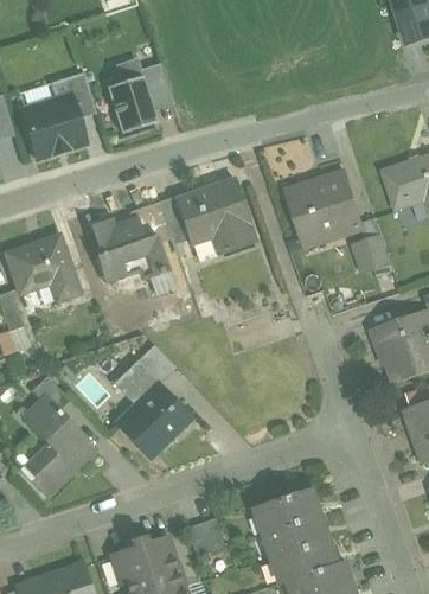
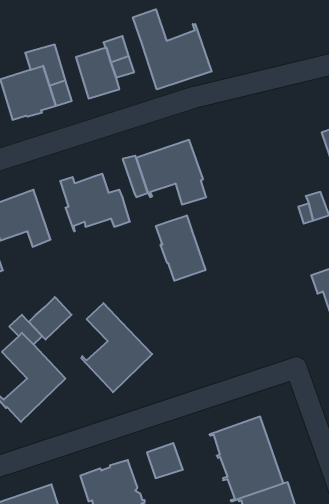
building: none -> [133,9,212,89]
building: [283,173,361,238] -> none
building: [128,202,172,243] -> none
building: none -> [156,215,205,281]
building: [137,346,175,383] -> none
building: none -> [29,297,72,340]

